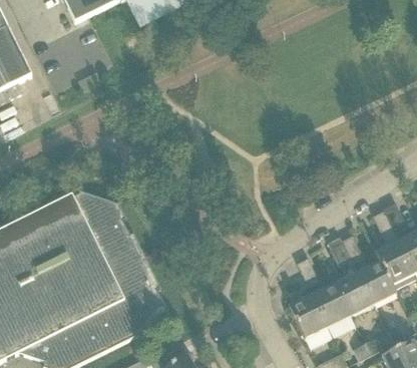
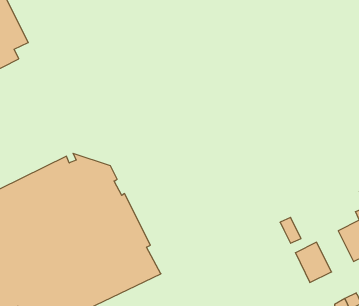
building: [327,237,373,315] -> none
building: [288,295,327,338] -> none

